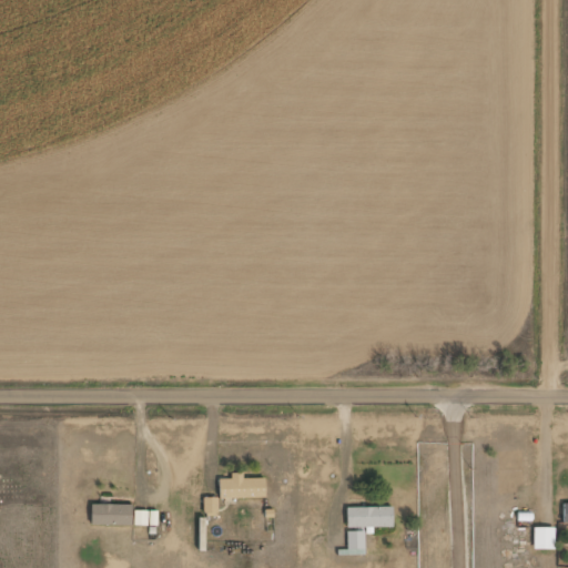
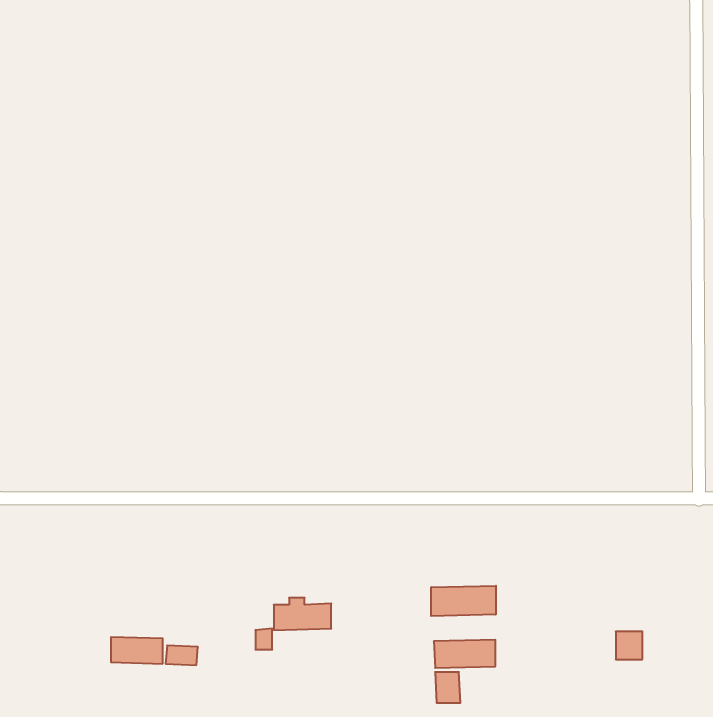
building: none -> [431,586,496,616]
building: [535,527,556,549] -> [616,631,642,659]

